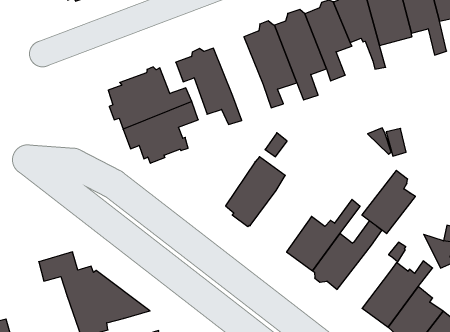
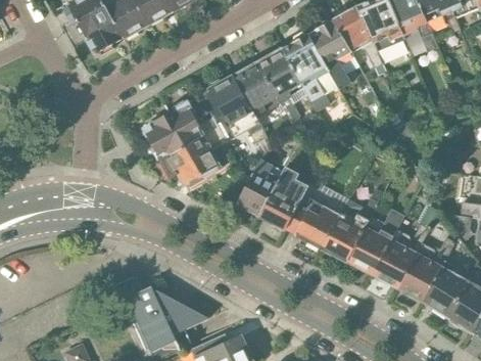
building: none -> [232,58,281,117]
building: none -> [239,149,284,215]
building: [362,170,415,234] -> [374,230,419,287]
building: none -> [288,194,341,247]

